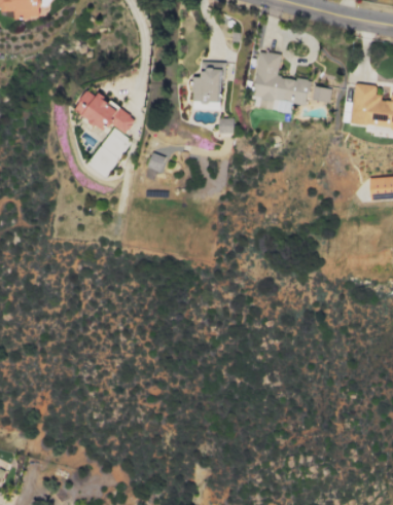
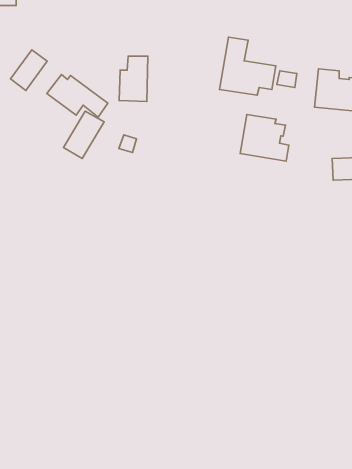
building: [192,63,222,110] -> [119,56,148,102]
building: none -> [10,50,47,90]
building: none -> [240,115,289,161]

